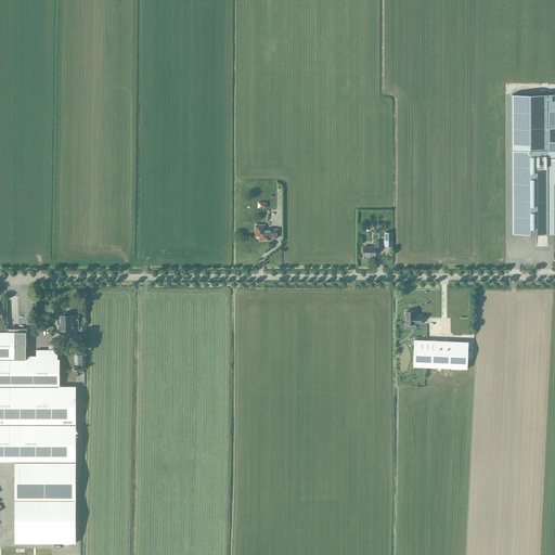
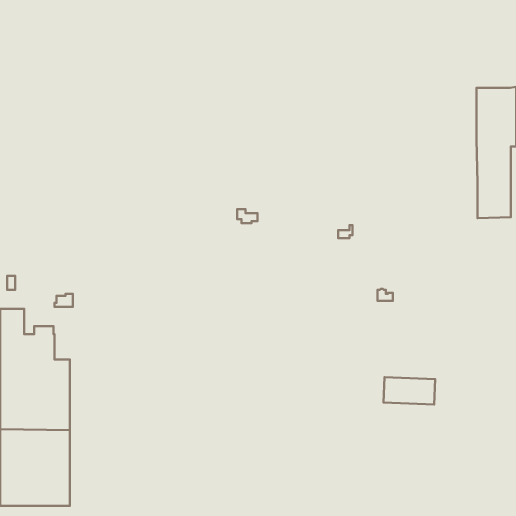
building: [413,339,468,369] -> [384,377,435,404]

